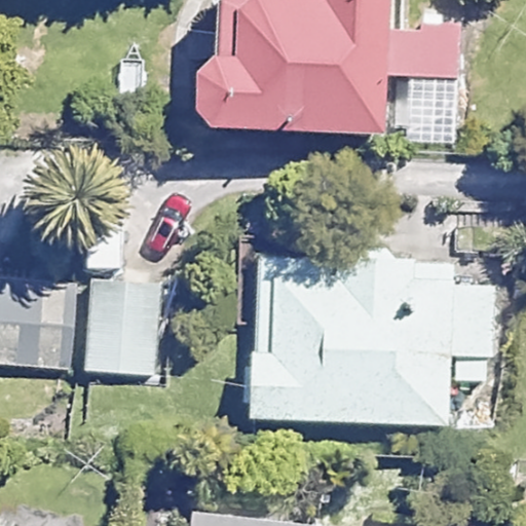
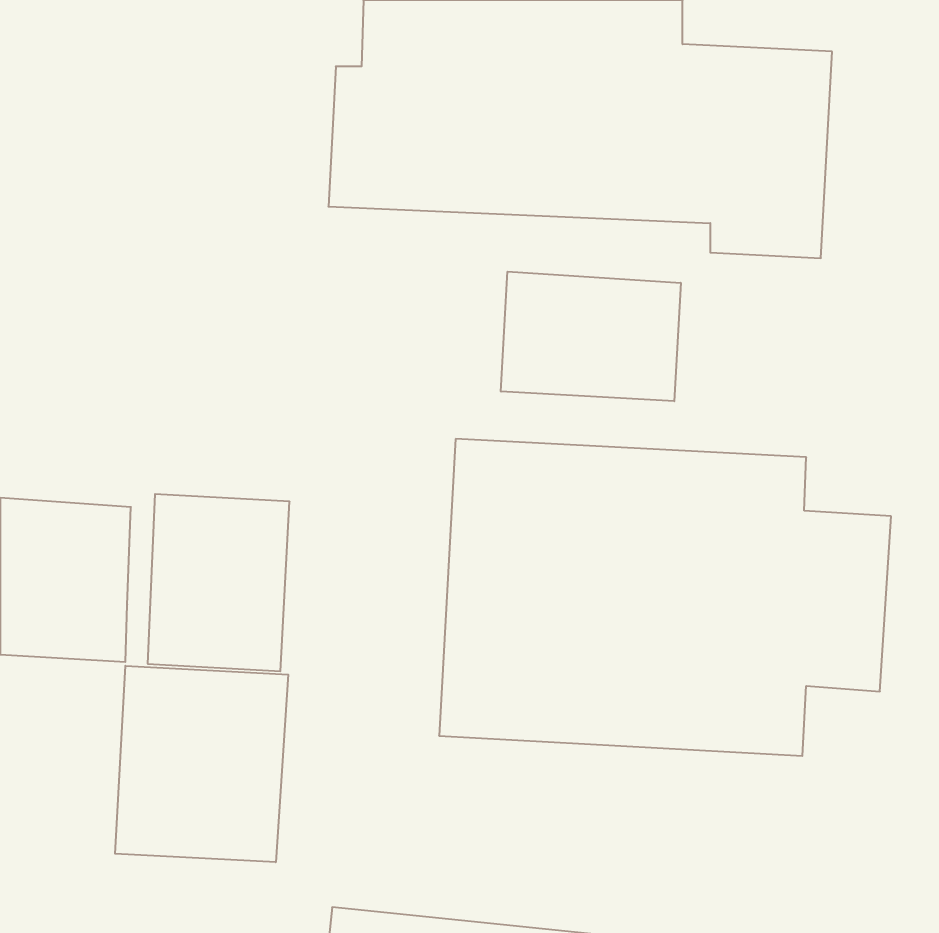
building: none -> [501,272,681,401]
building: none -> [115,666,288,862]

